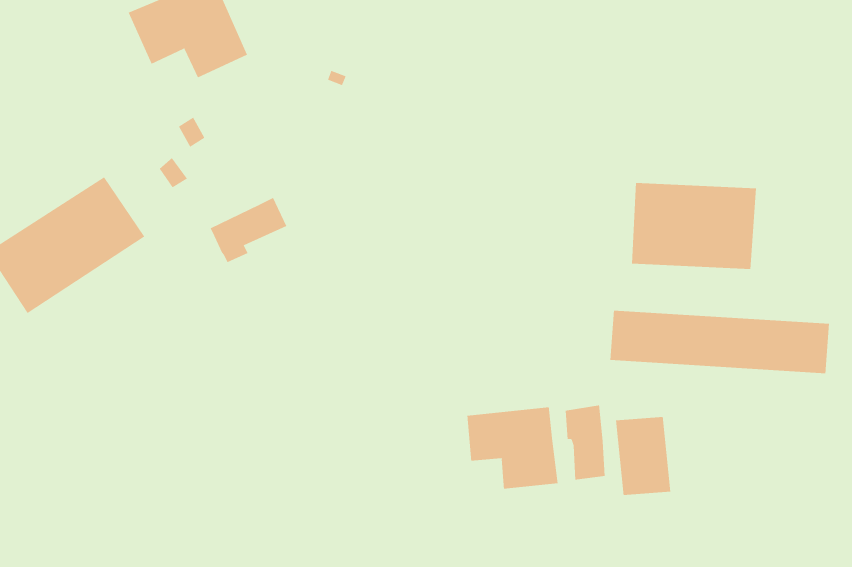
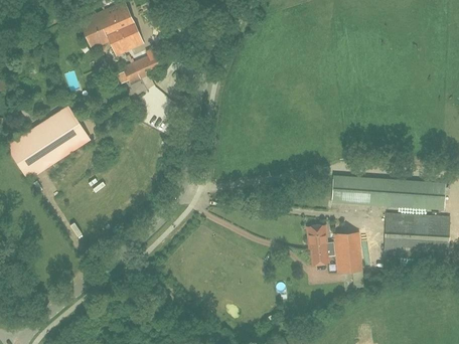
building: [631,183,757,270] -> [384,212,449,257]
building: [210,197,287,263] -> [122,51,162,85]
building: [467,406,558,489] -> none

